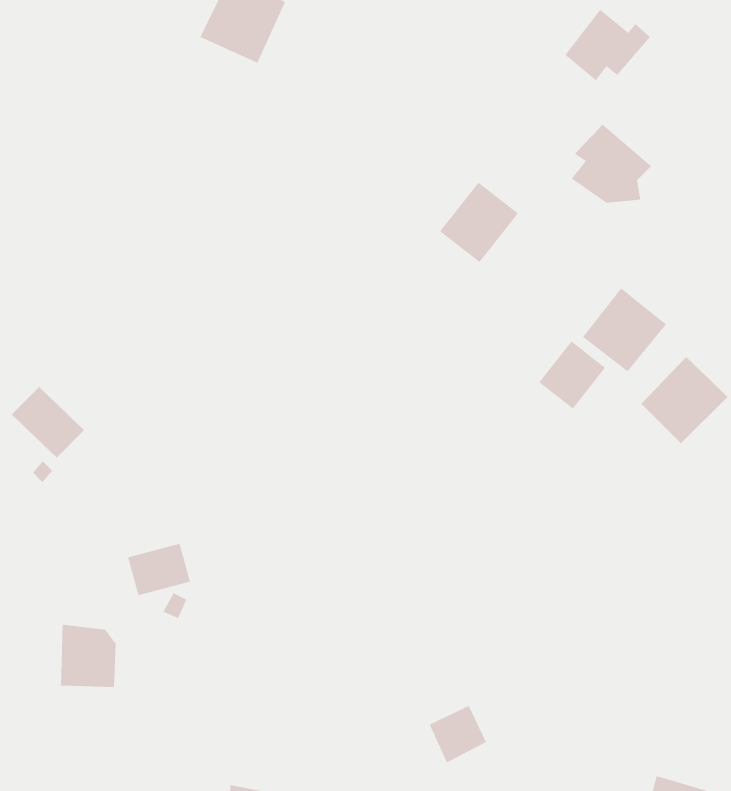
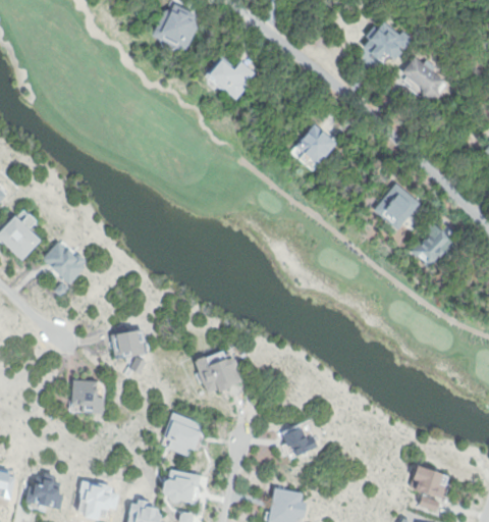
building: none -> [209,61,258,101]
building: [571,124,652,203] -> [399,56,446,102]
building: [538,340,606,410] -> none
building: none -> [193,357,241,397]
building: none -> [161,413,208,459]

